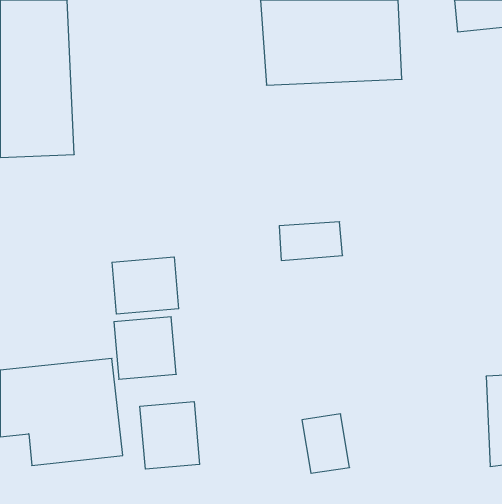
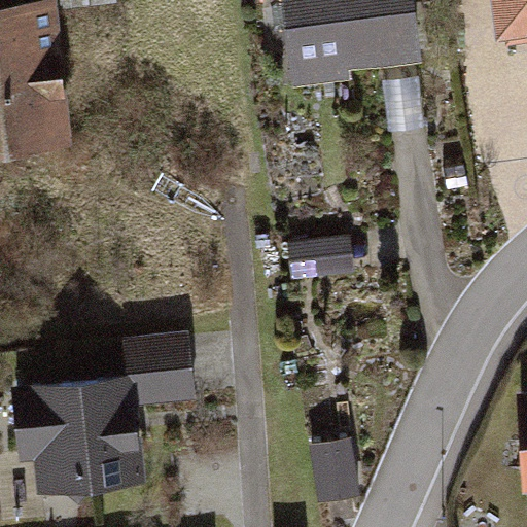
building: [112,257,179,314] -> none
building: [140,402,200,469] -> none

